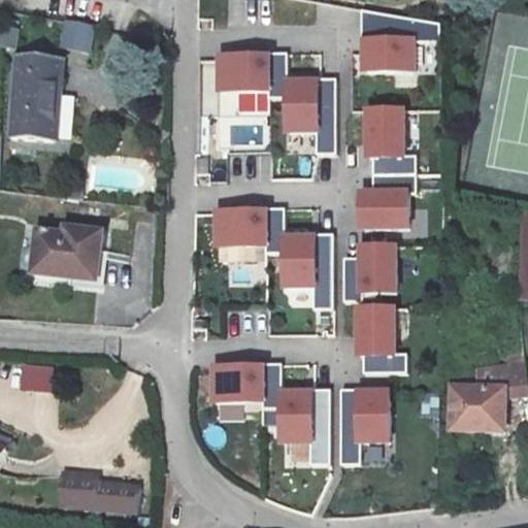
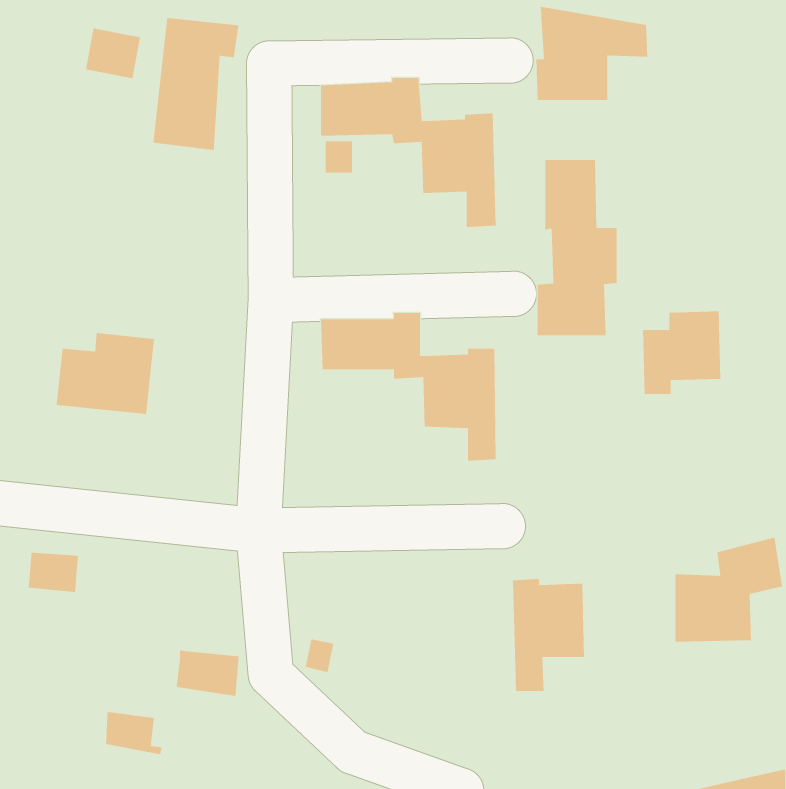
building: [15,54,73,142] -> [153,17,239,151]
building: [340,243,393,299] -> [642,311,721,395]
building: [357,305,406,370] -> none
building: [214,363,332,463] -> none
building: [101,473,143,504] -> [176,650,239,696]

